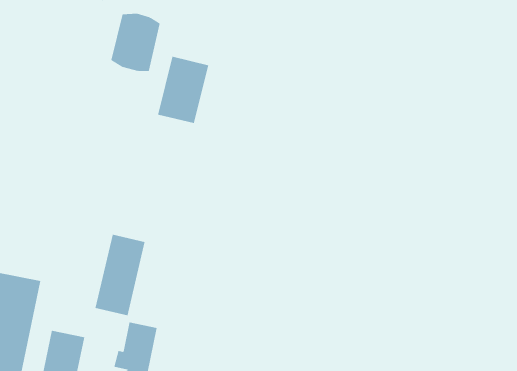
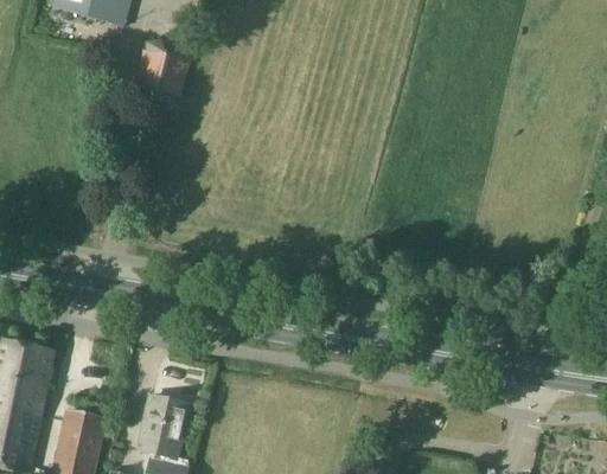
building: [158,56,209,124] -> none
building: [95,234,145,316] -> none

